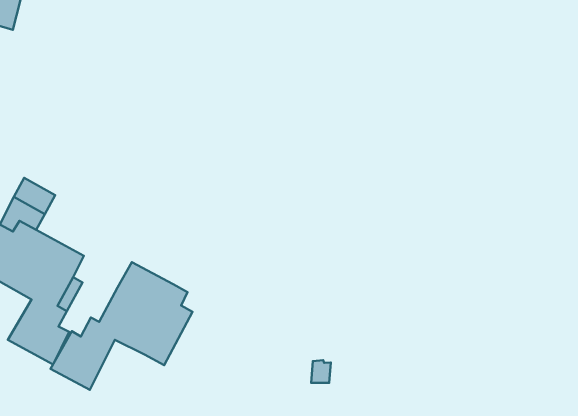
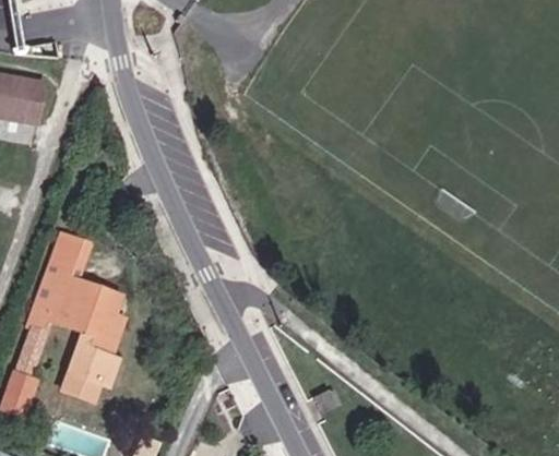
building: [51,262,192,390] -> none

